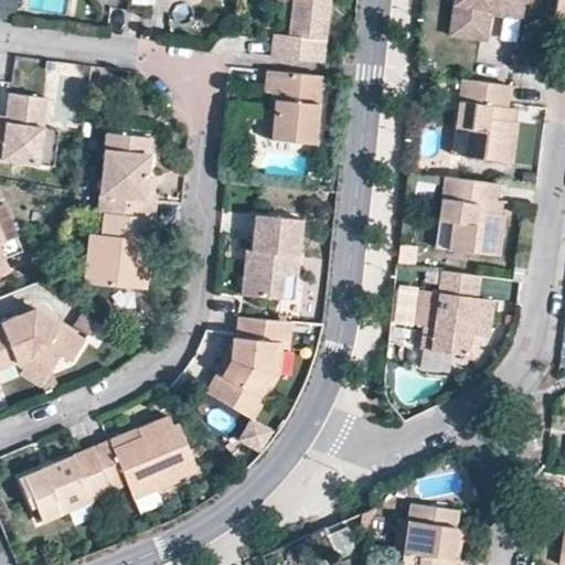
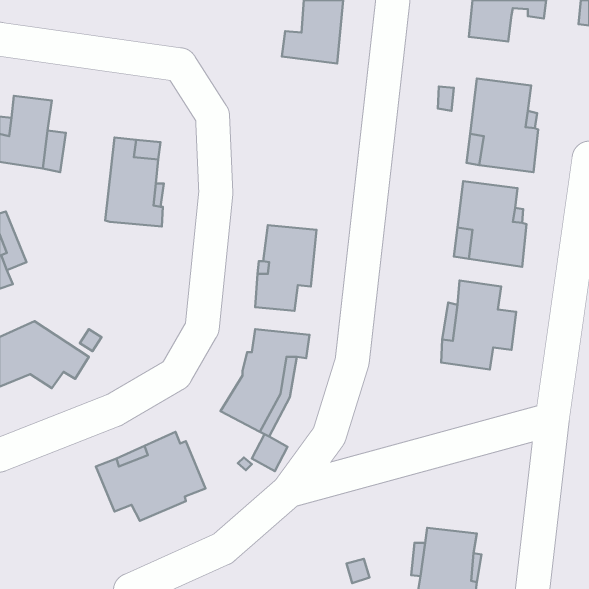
building: [260,70,318,145] -> none
building: [86,213,154,289] -> none
building: [19,447,111,516] -> none

